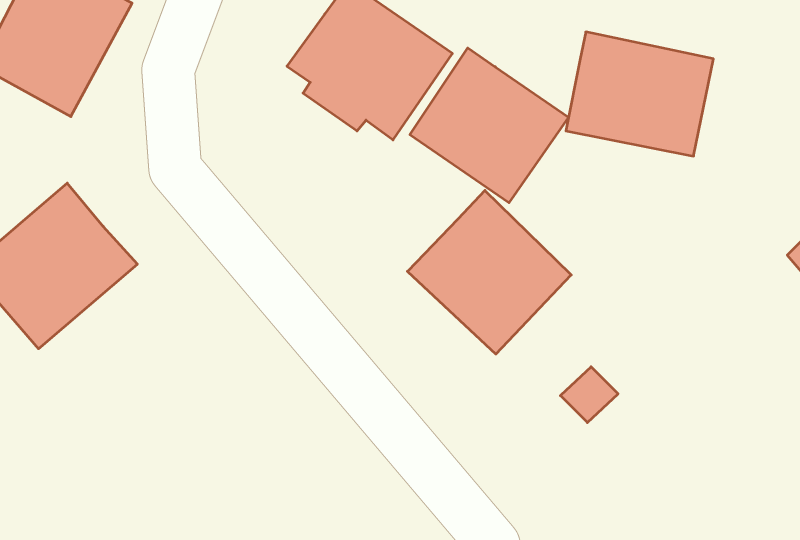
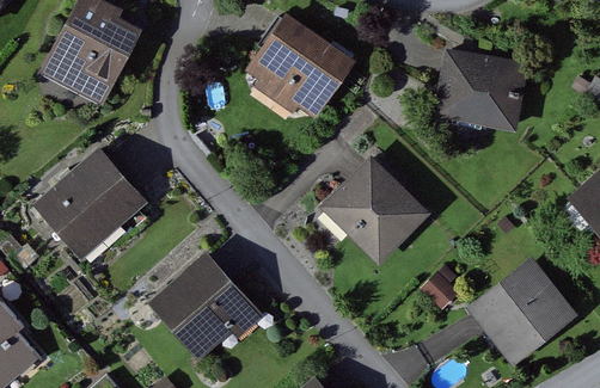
building: [410,48,568,203] -> none
building: none -> [146,253,258,361]
building: none -> [465,258,575,367]

